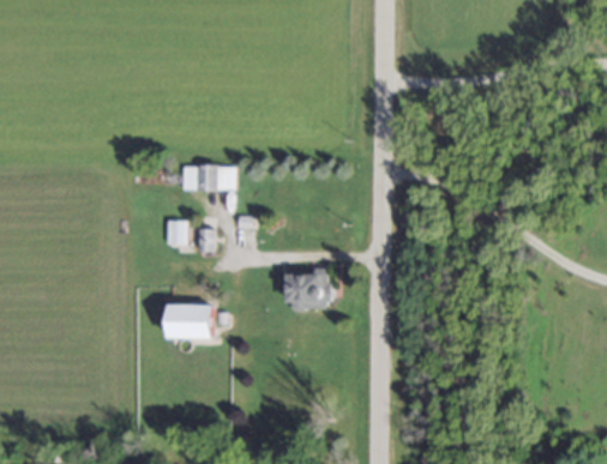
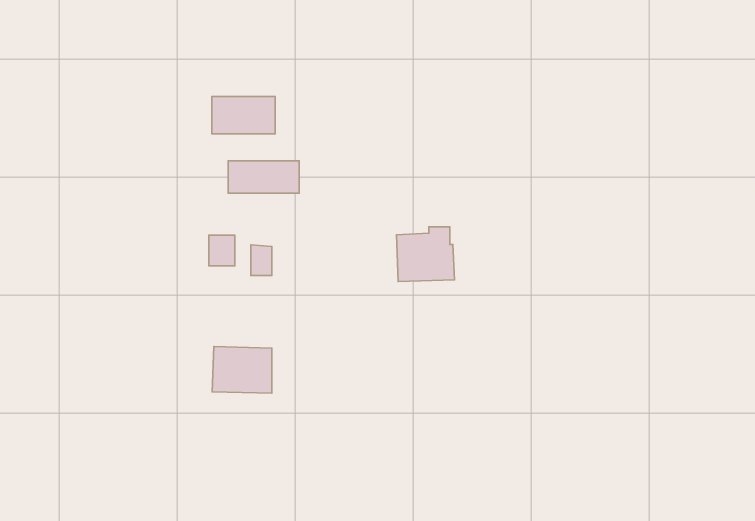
building: none -> [212,96,275,134]
building: [287,269,330,309] -> [396,227,455,282]

